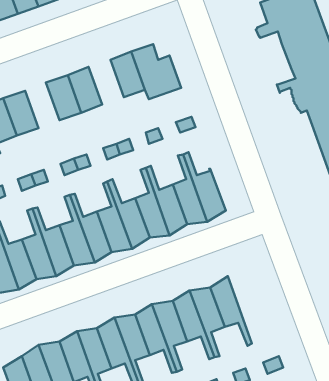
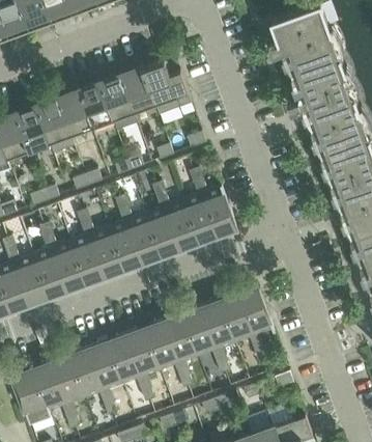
building: none -> [98,76,137,131]
building: none -> [35,99,73,154]
building: none -> [237,289,273,359]

